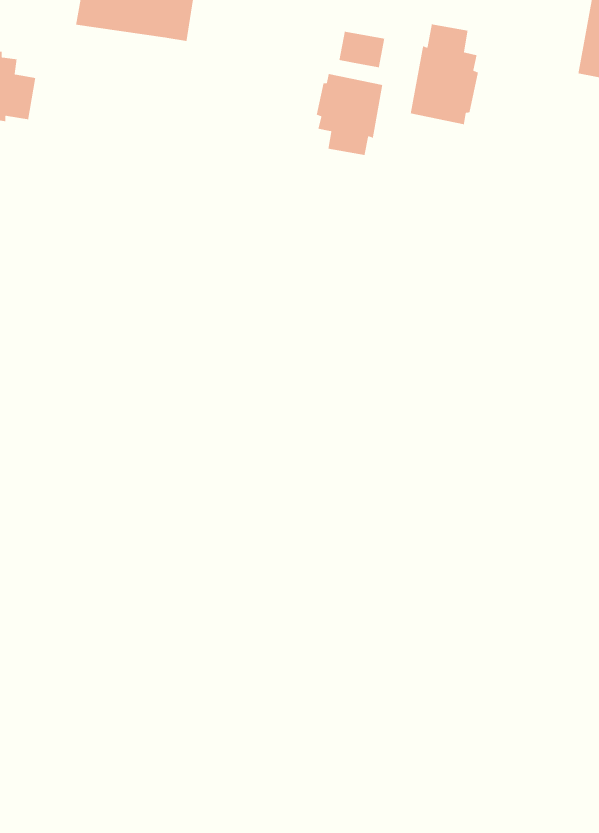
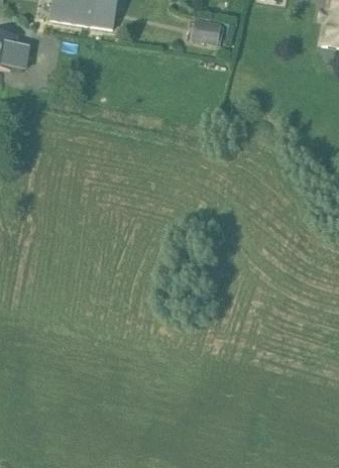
building: [410,23,479,125] -> none
building: [316,73,383,156] -> none

